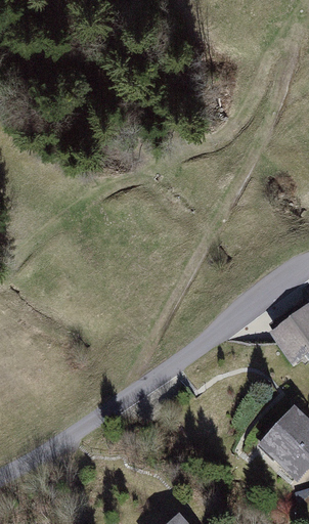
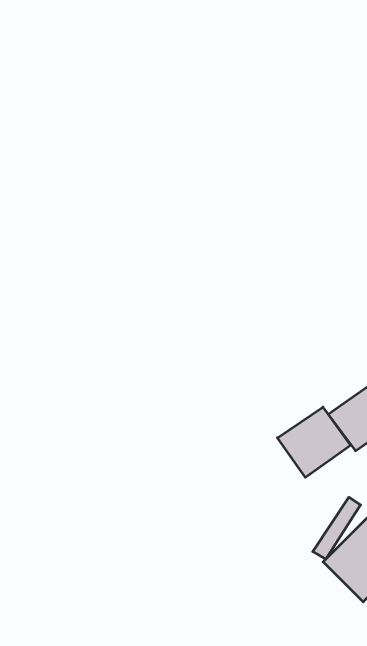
building: none -> [277,407,350,477]

